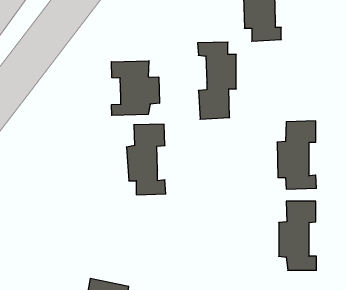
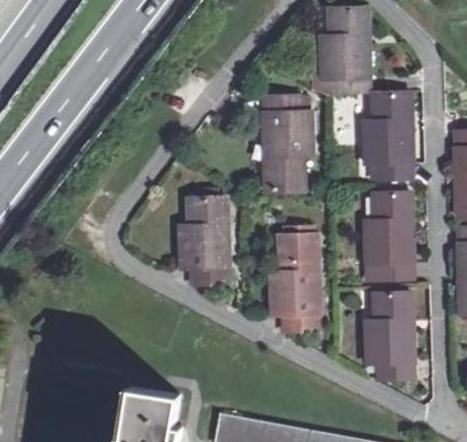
building: none -> [364,91,412,178]
building: [111,61,159,115] -> none
building: none -> [271,234,317,328]

